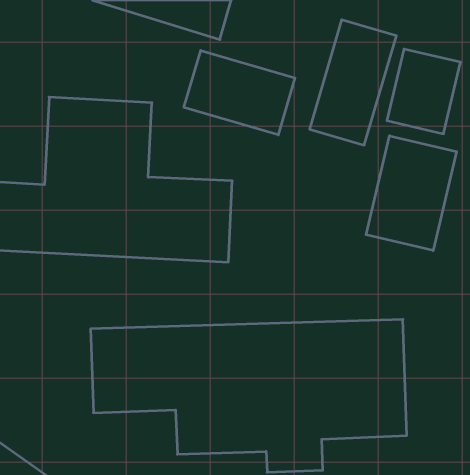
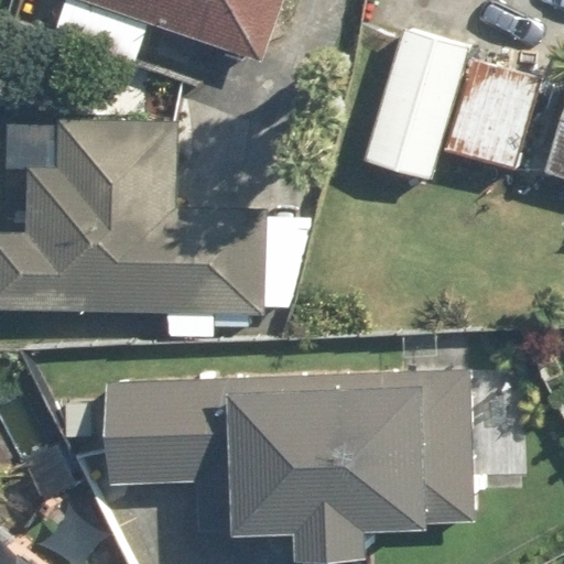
building: [184,50,295,135] -> none
building: [366,136,457,251] -> none

